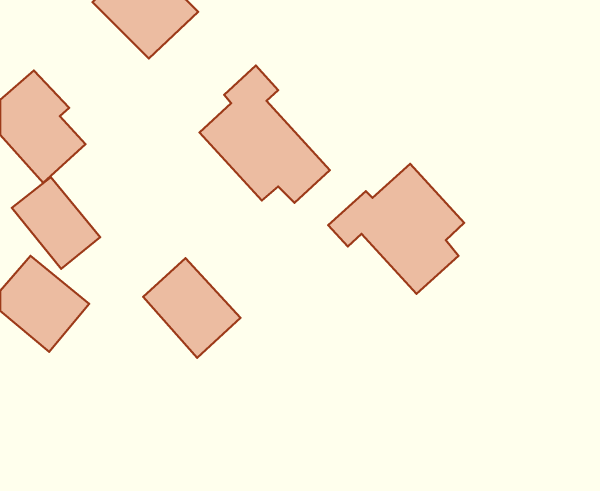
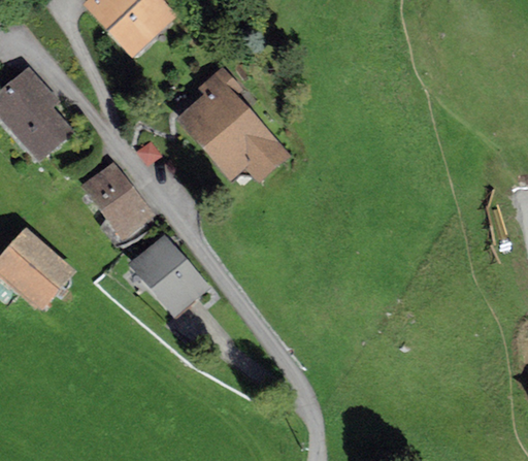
building: [328,164,464,294] -> none
building: [12,177,100,269] -> [78,160,156,240]

